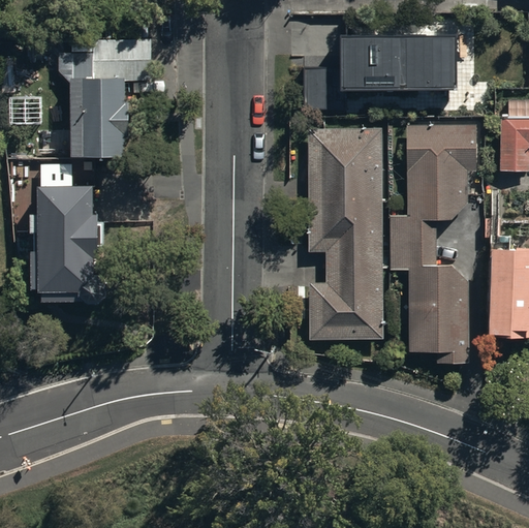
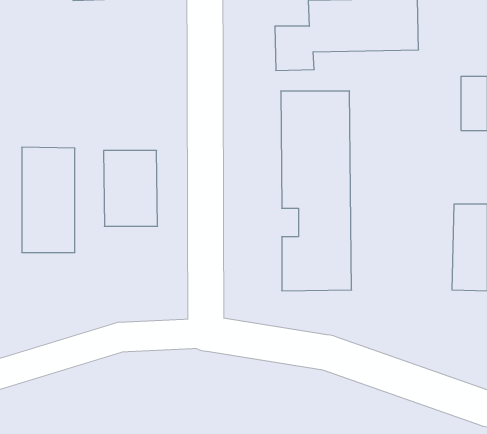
building: [64,39,149,77] -> none
building: [69,83,126,162] -> [104,151,158,226]
building: [390,124,477,363] -> none

